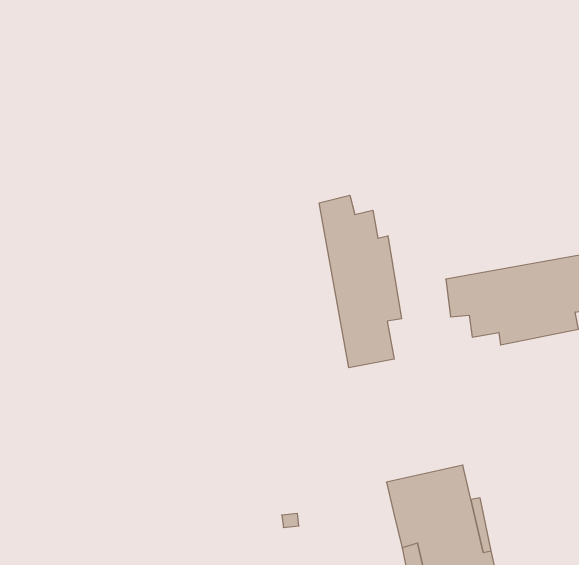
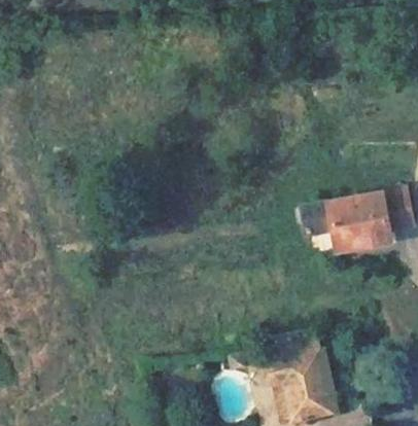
building: [319,195,402,368] -> none

